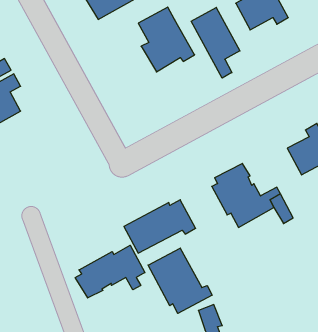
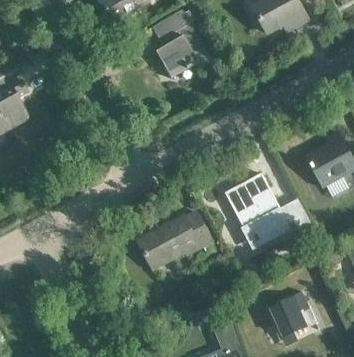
building: [191,7,240,78] -> none
building: [75,245,145,298] -> none
building: [148,248,212,313] -> none
building: none -> [267,292,315,337]

